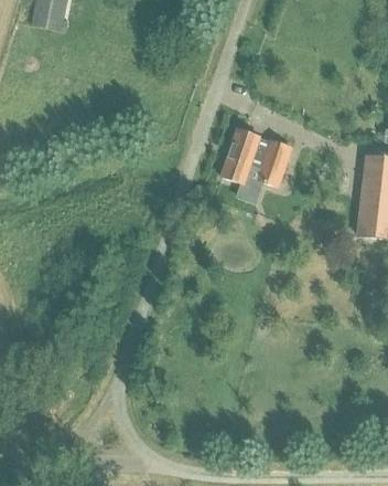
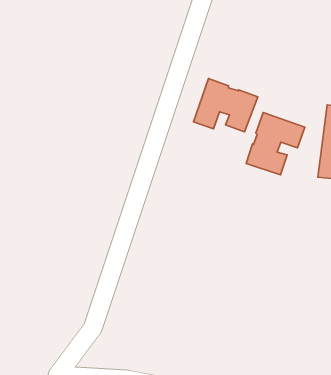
building: none -> [246,113,305,175]

